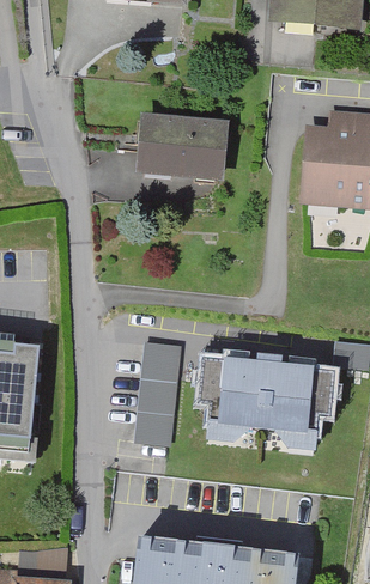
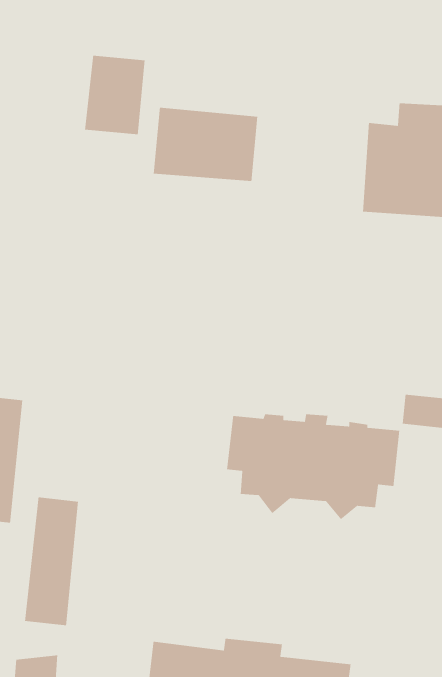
building: none -> [84,55,146,135]
building: [135,342,178,444] -> [24,497,79,626]

